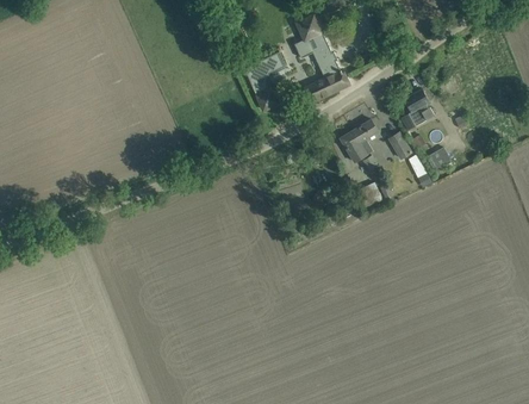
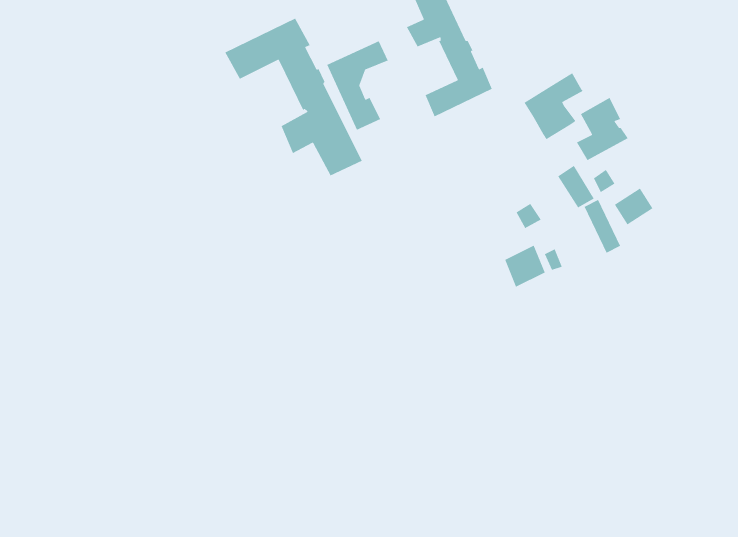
building: none -> [224,18,363,176]
building: [340,119,378,162] -> [523,72,584,140]

